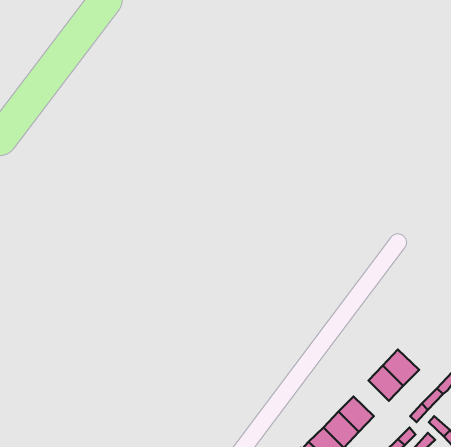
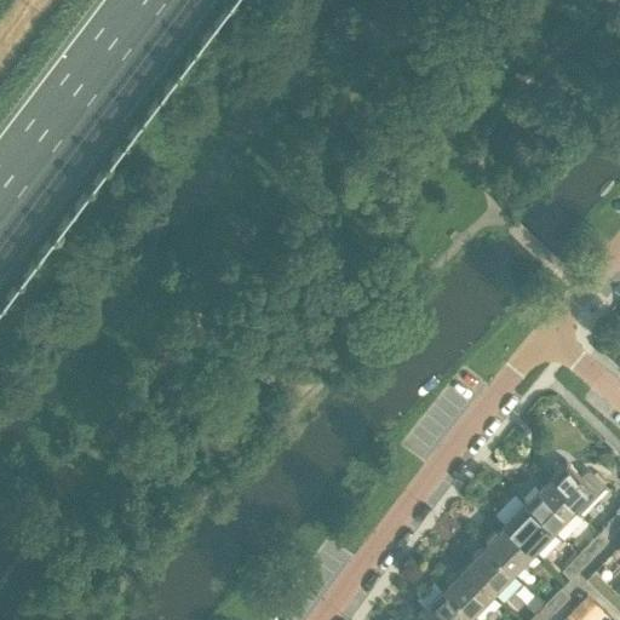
building: none -> [546,465,607,519]
building: none -> [486,528,534,576]

